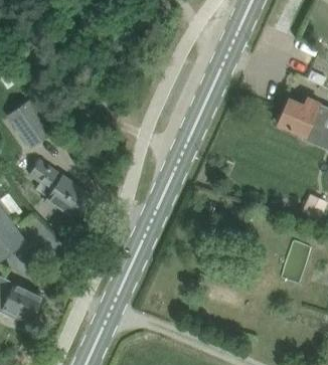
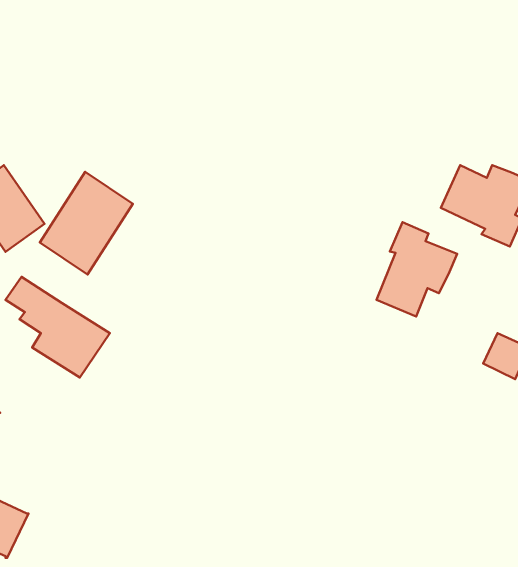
building: none -> [40,172,133,274]
building: none -> [377,222,457,316]

